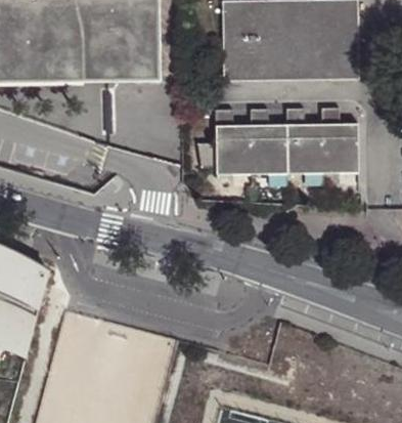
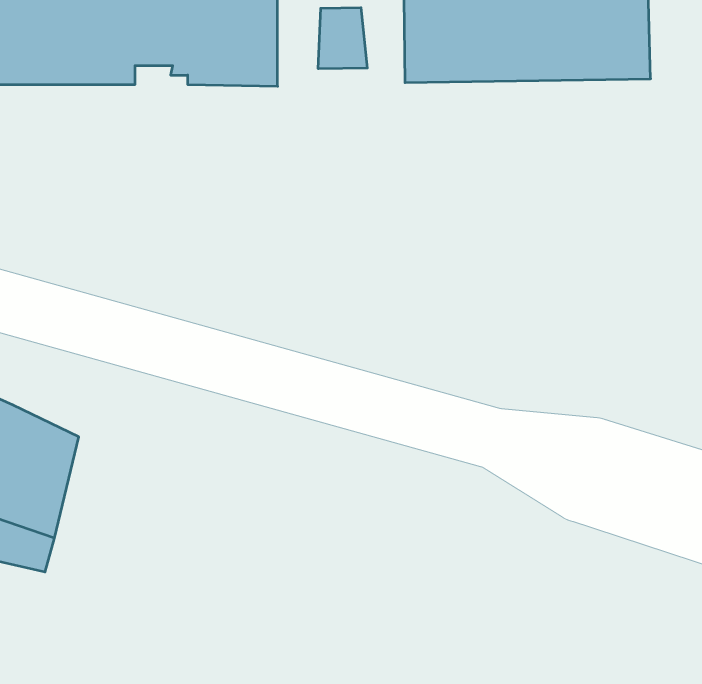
building: none -> [318,8,367,69]
building: [199,107,361,173] -> none

